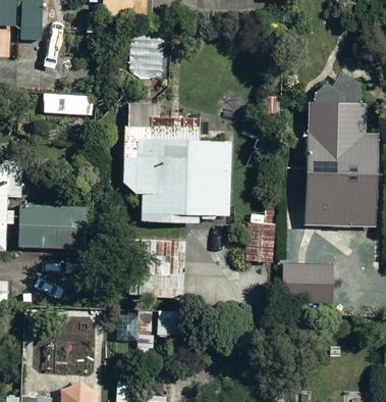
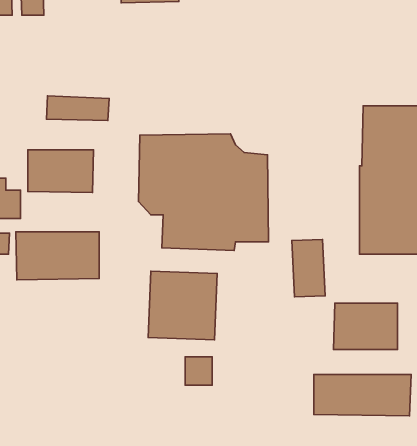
building: none -> [28,150,93,193]
building: none -> [314,374,411,416]

